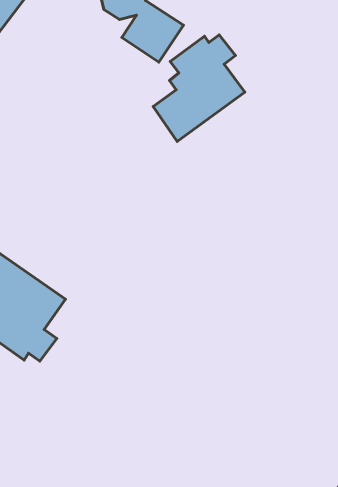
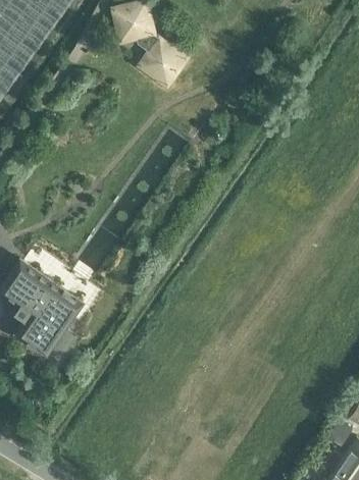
building: [153,35,245,142] -> none

